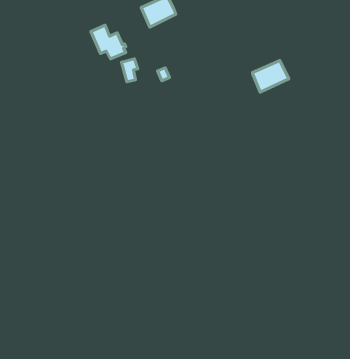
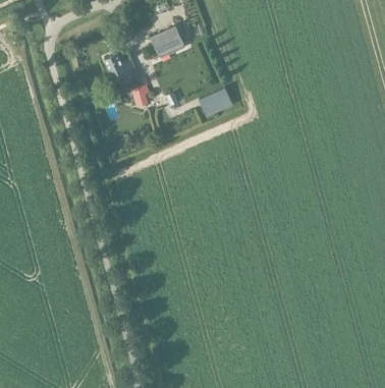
building: [253,60,289,92] -> [200,88,233,117]

